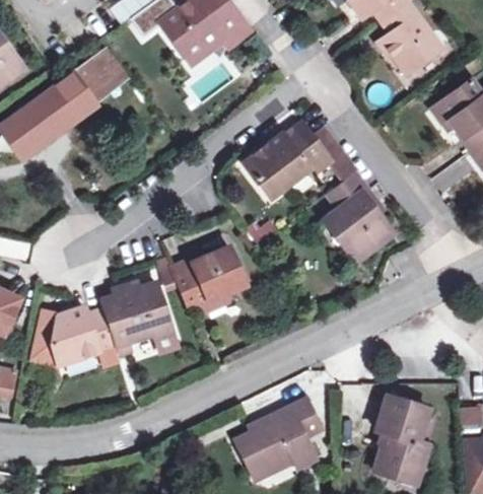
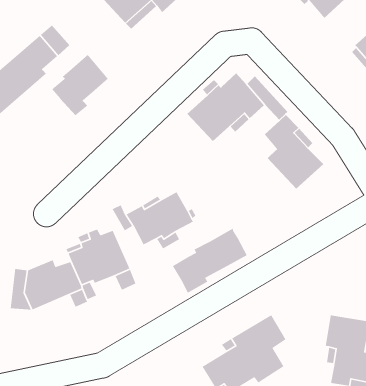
building: none -> [51,54,109,116]
building: none -> [172,228,248,294]

